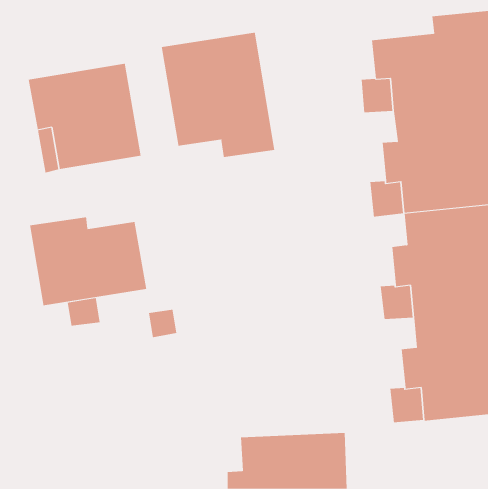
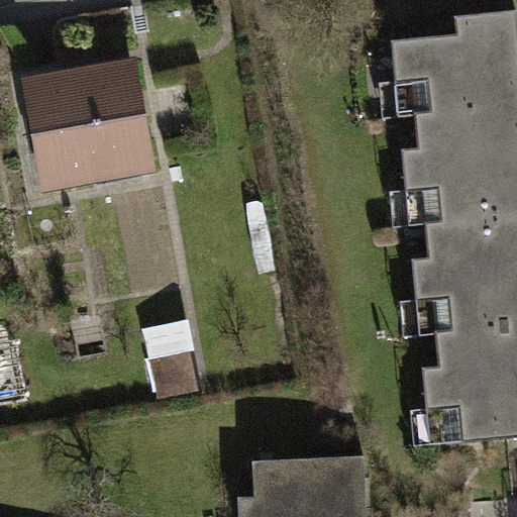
building: [161,32,275,158] -> none
building: [30,216,147,306] -> none

